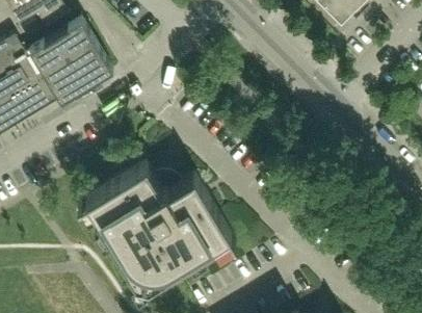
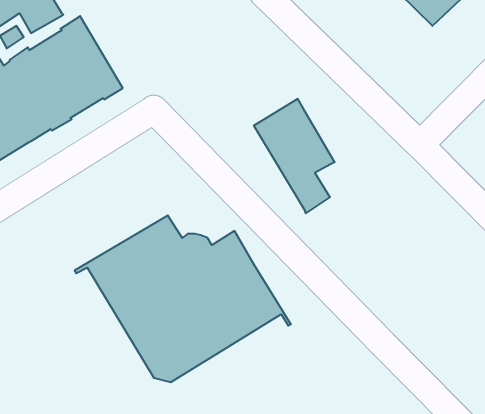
building: none -> [254,99,335,213]

